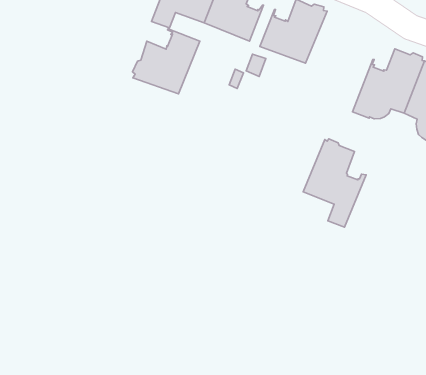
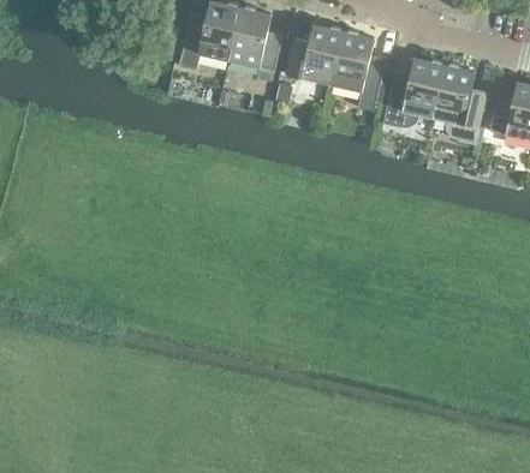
building: [132,29,200,94] -> none
building: [303,139,366,227] -> [329,30,387,112]

